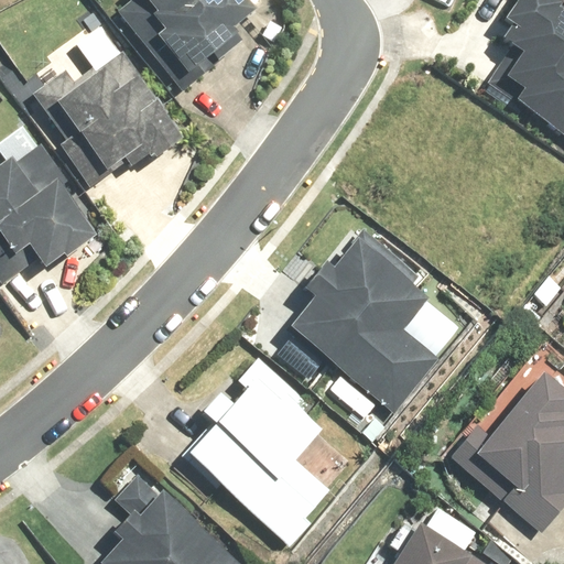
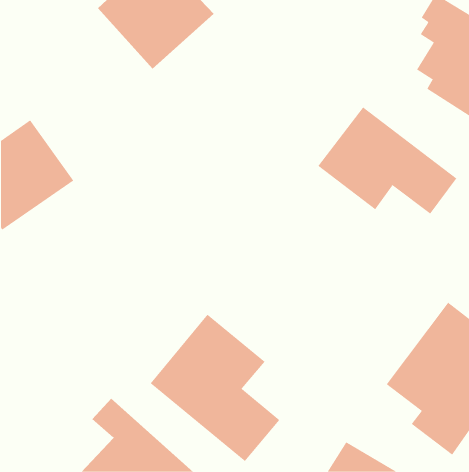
building: [41,42,194,178] -> none
building: none -> [318,106,457,215]
building: [284,240,440,417] -> none

